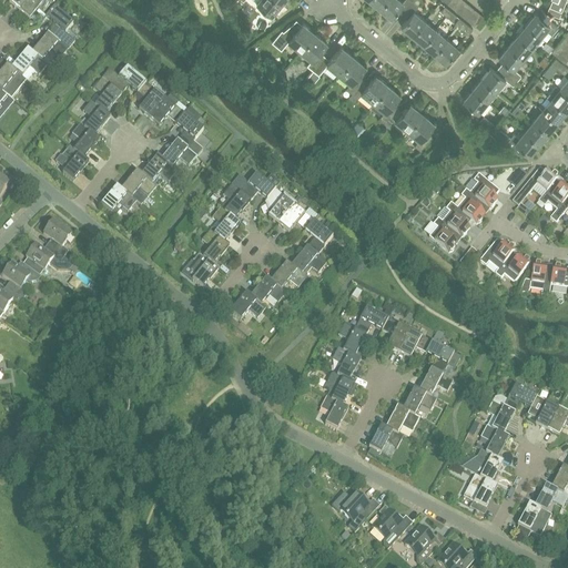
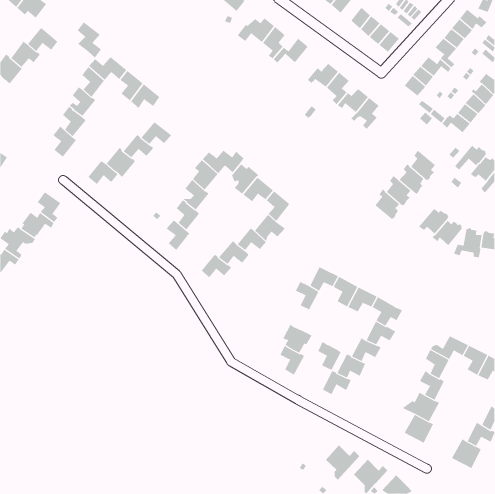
building: [45,6,74,48] -> [77,21,102,58]
building: [337,53,365,91] -> none
building: [175,106,203,154] -> none
building: [332,345,359,378] -> [317,341,342,370]
building: [338,490,381,519] -> none

